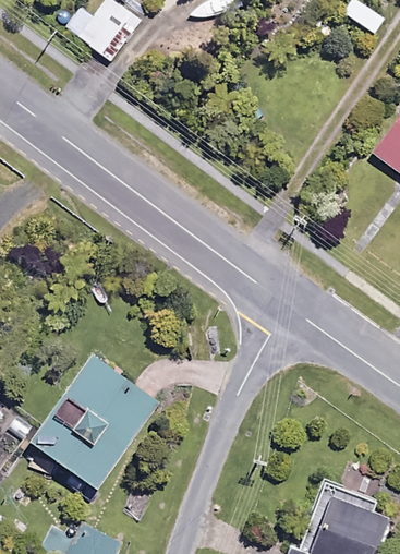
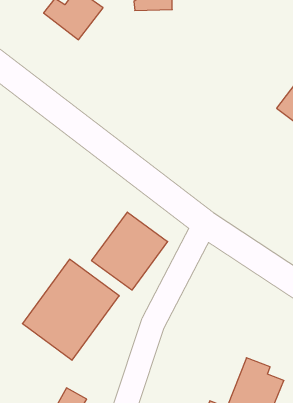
building: none -> [92,212,168,290]

